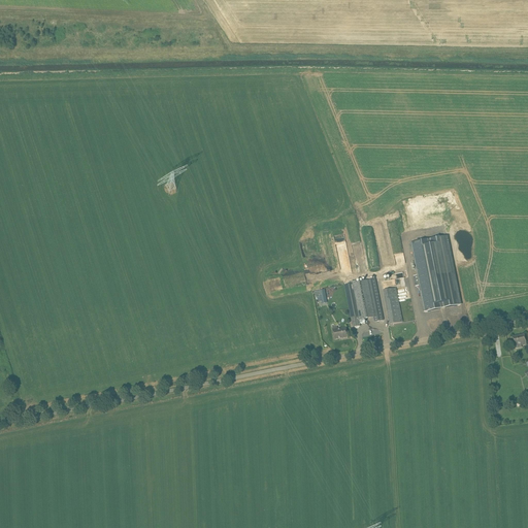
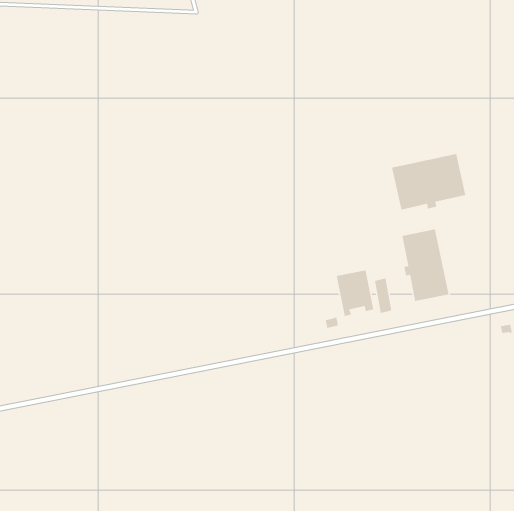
building: none -> [391,153,466,210]

